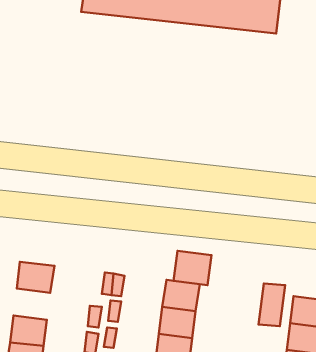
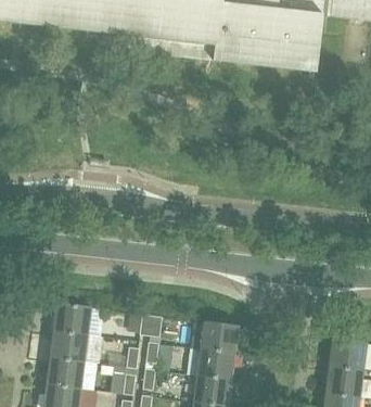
building: [173,251,212,285] -> none
building: [259,283,285,326] -> none
building: none -> [51,329,88,360]

